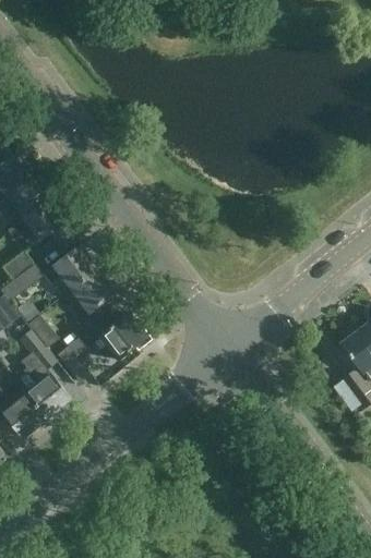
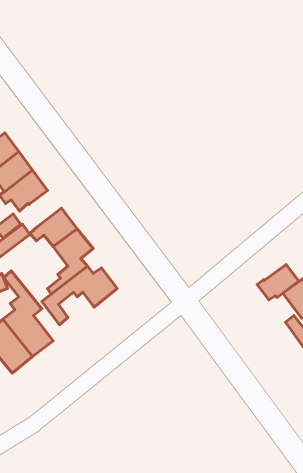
building: none -> [257,264,299,300]

